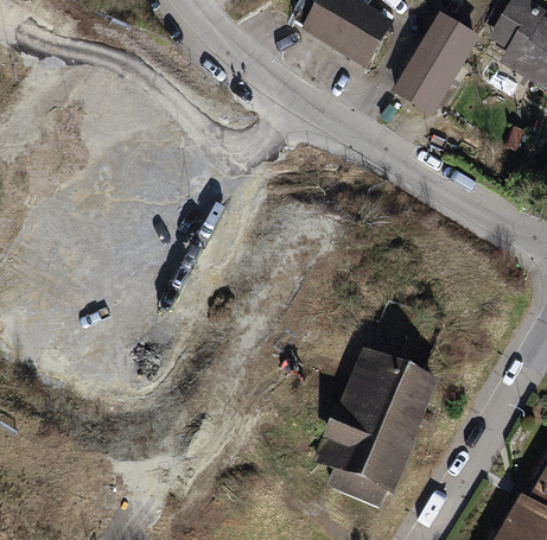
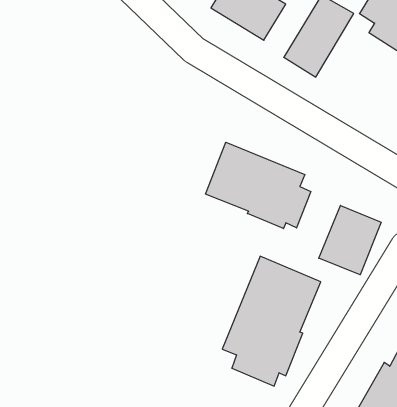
building: none -> [206,142,311,229]
building: none -> [319,205,381,275]

